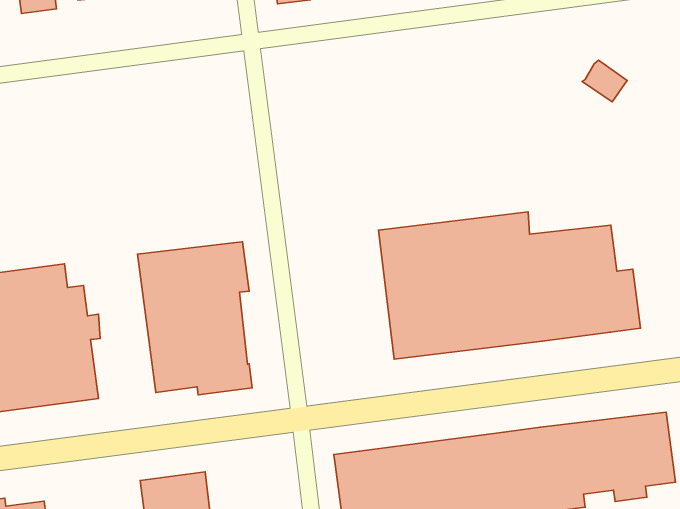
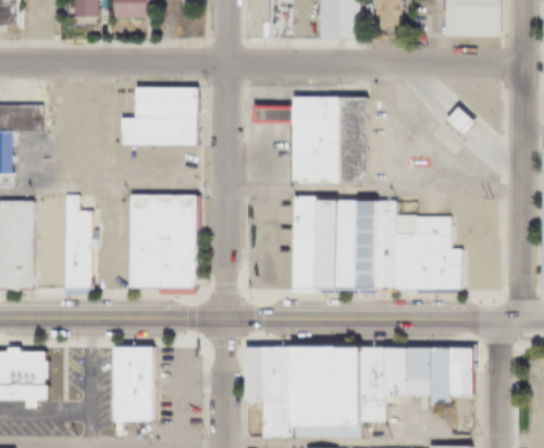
building: none -> [254,98,367,182]
building: none -> [122,86,199,145]

